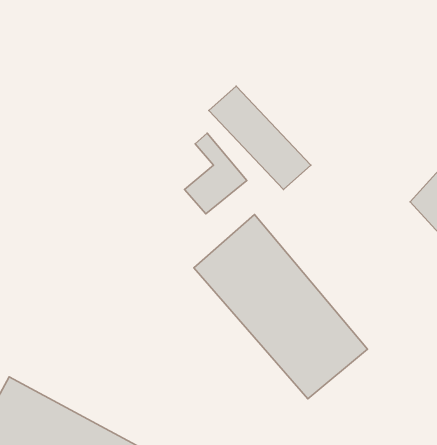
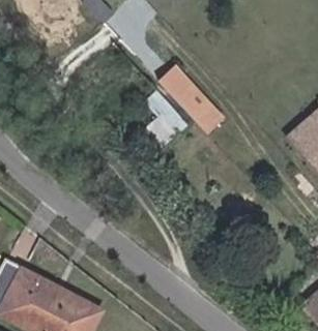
building: [194,214,368,399] -> none

